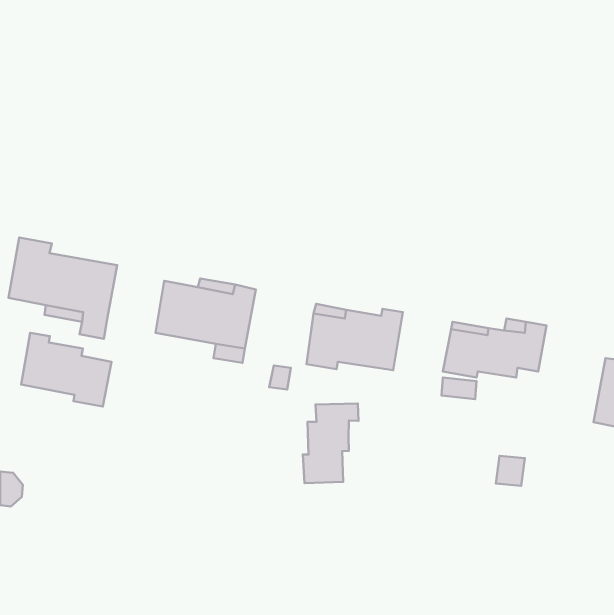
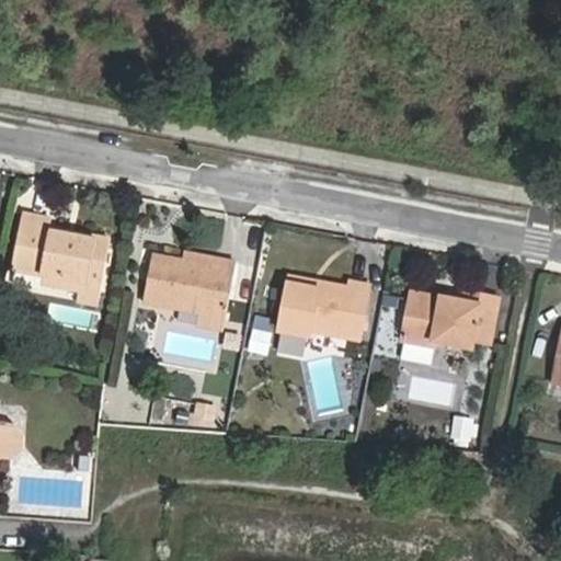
building: [21,333,112,407] -> none
building: [303,403,359,483] -> none

